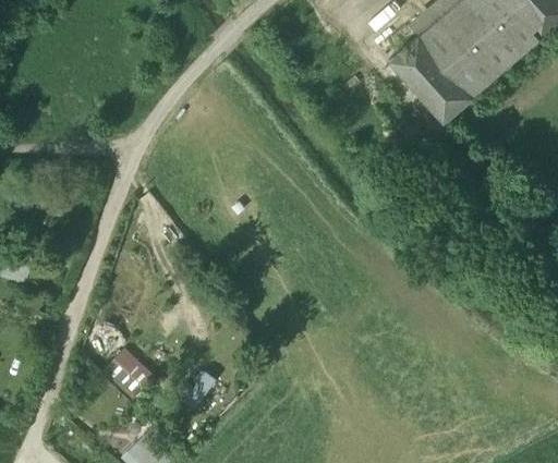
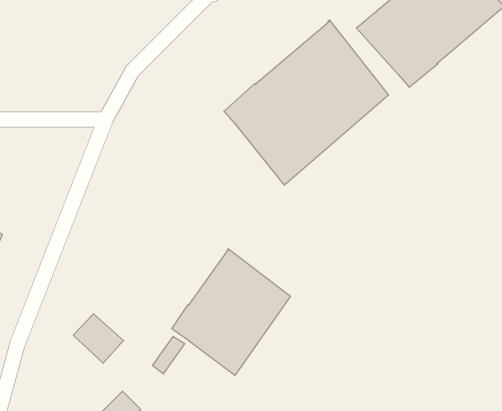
building: none -> [224,20,389,185]
building: none -> [172,249,291,376]

